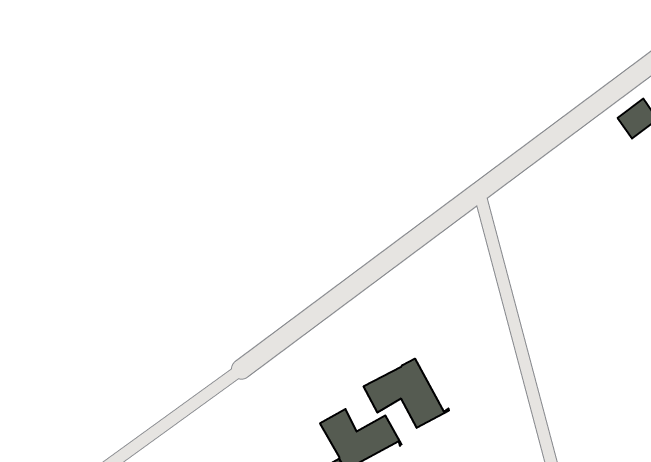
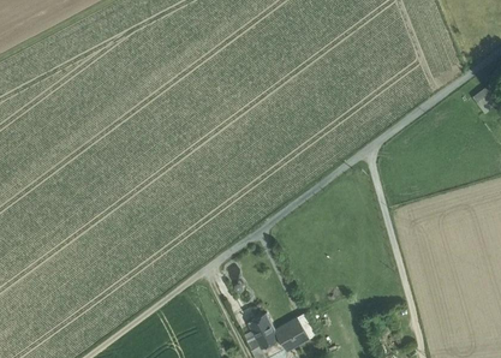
building: [364,359,449,428] -> none

